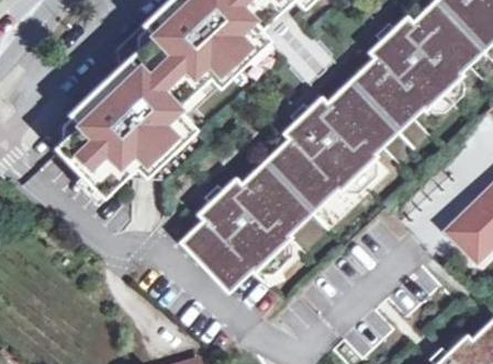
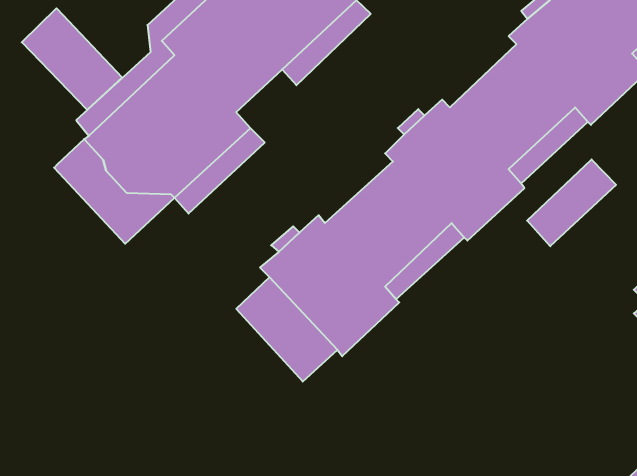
building: none -> [22,8,122,110]
building: none -> [527,159,616,246]

